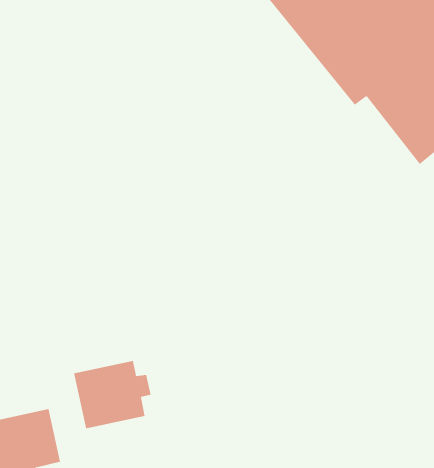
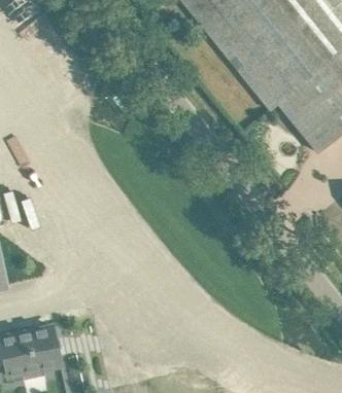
building: [74,360,151,429] -> none

